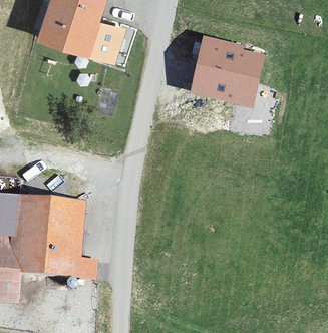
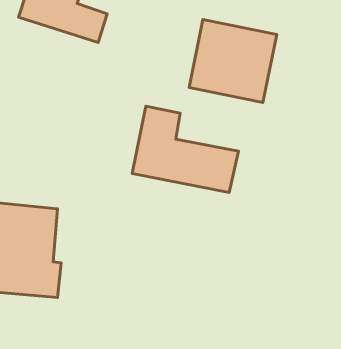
building: none -> [132,106,238,193]

